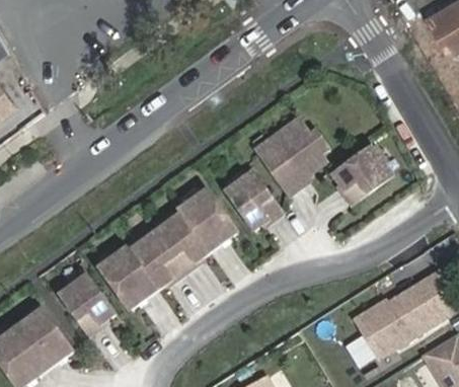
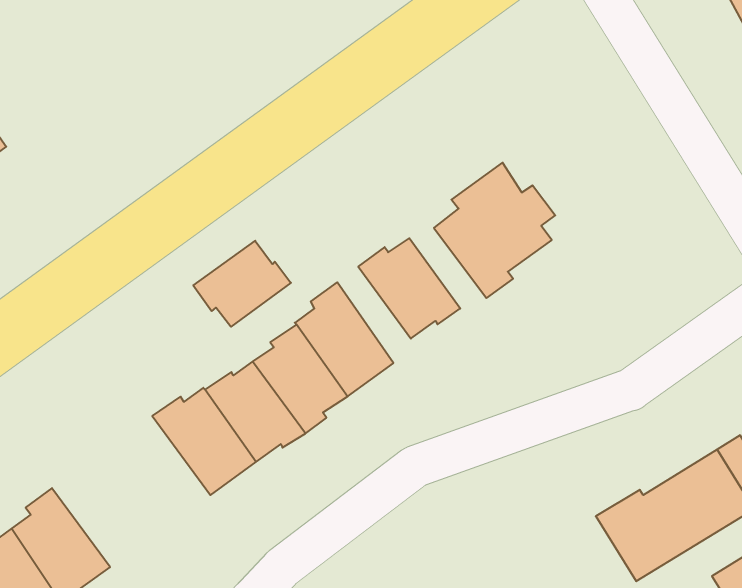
building: [331,148,390,206] -> none
building: none -> [193,241,291,327]
building: [60,272,116,334] -> none

